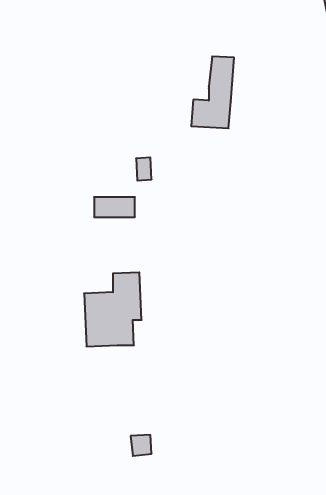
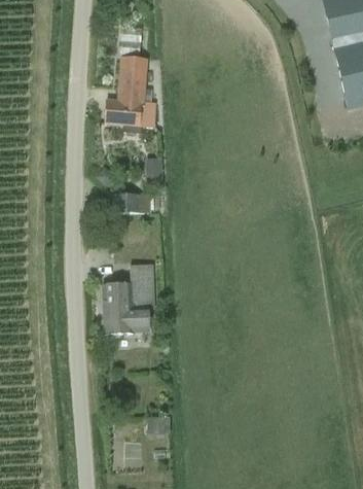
building: [191,56,234,128] -> [106,59,146,126]

